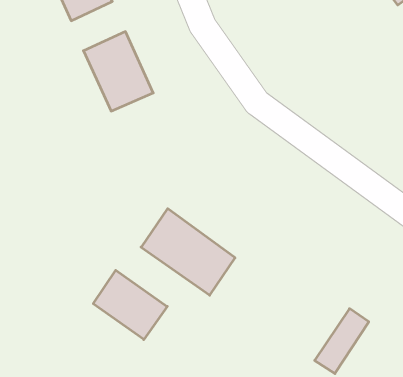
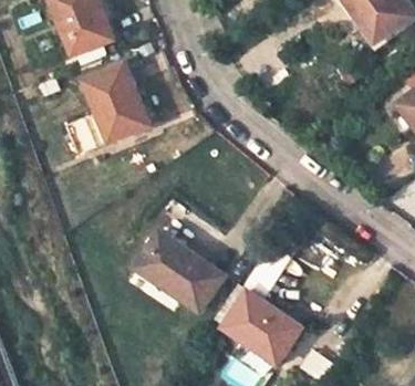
building: [93,270,167,340] -> none
building: none -> [224,292,300,364]

